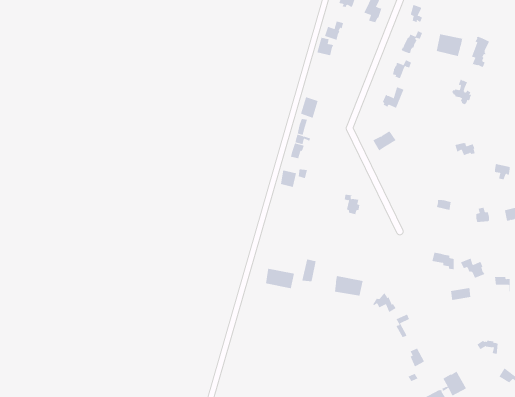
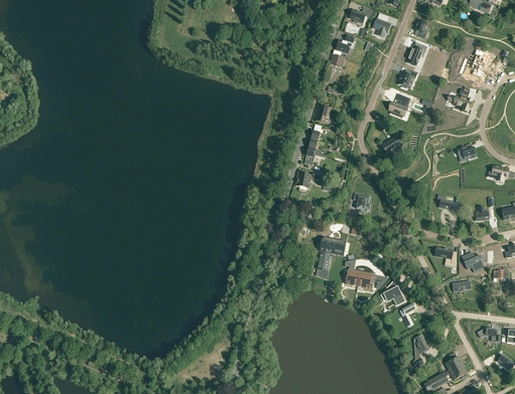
building: [436,33,463,57] -> none
building: [265,268,295,289] -> [319,237,347,256]

